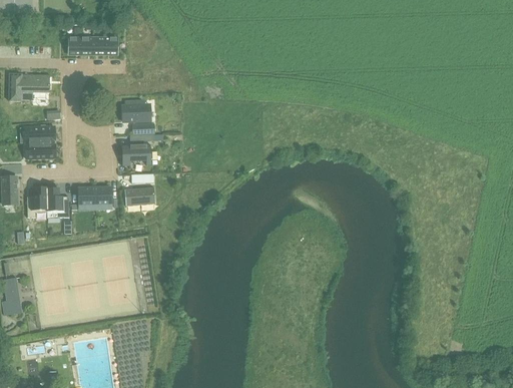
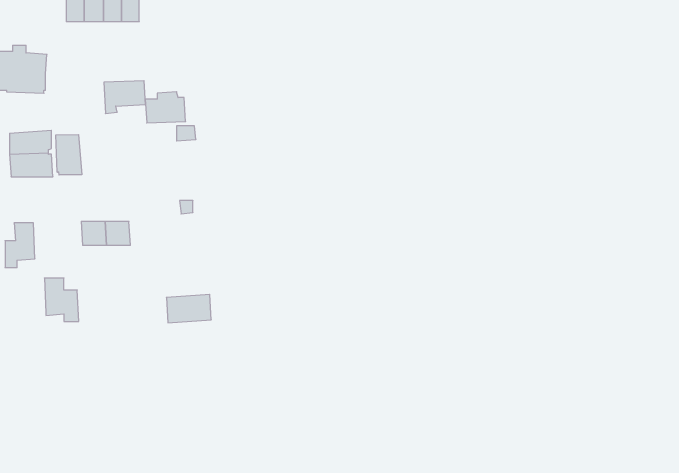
building: none -> [56,135,82,175]
building: [120,142,148,164] -> [104,81,146,114]
building: [123,185,153,205] -> [166,294,211,323]
building: [45,188,68,218] -> [44,278,79,321]

